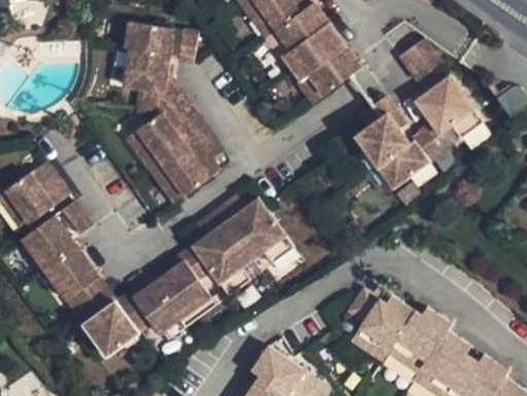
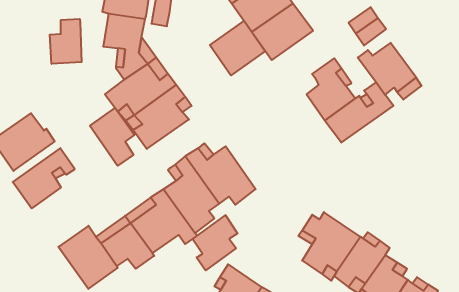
building: none -> [50,19,82,64]
building: none -> [210,21,265,75]
building: none -> [90,108,134,166]
building: [44,247,108,314] -> none
building: none -> [192,215,237,270]

